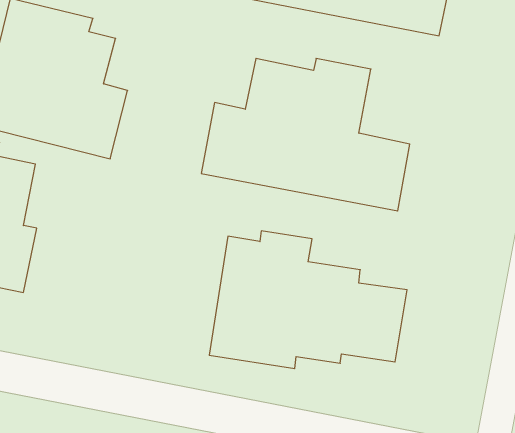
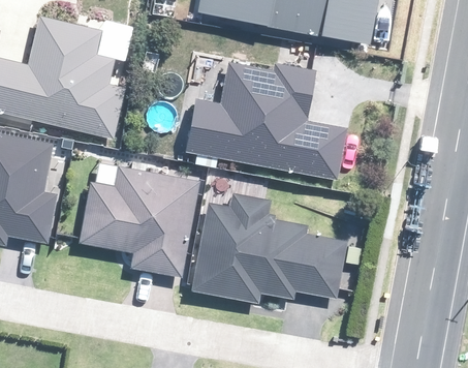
building: none -> [80,165,199,279]

